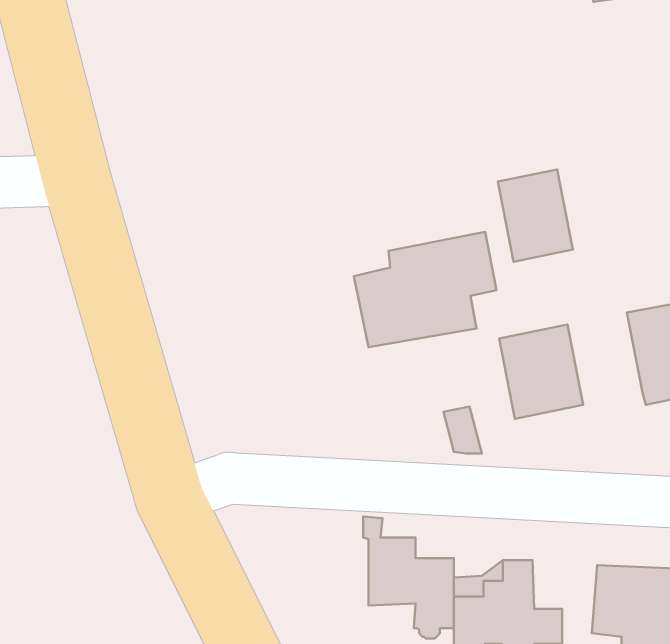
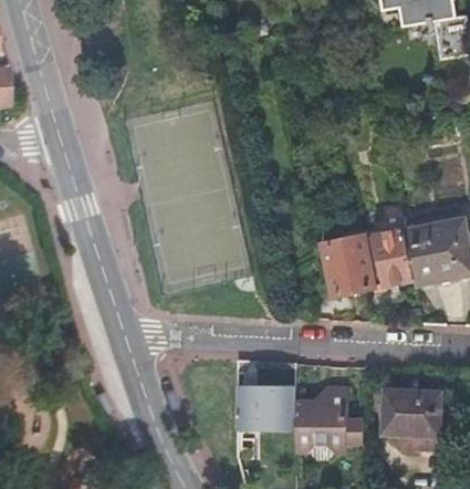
building: [498,169,573,262] -> [365,230,412,289]
building: [354,232,496,347] -> none

